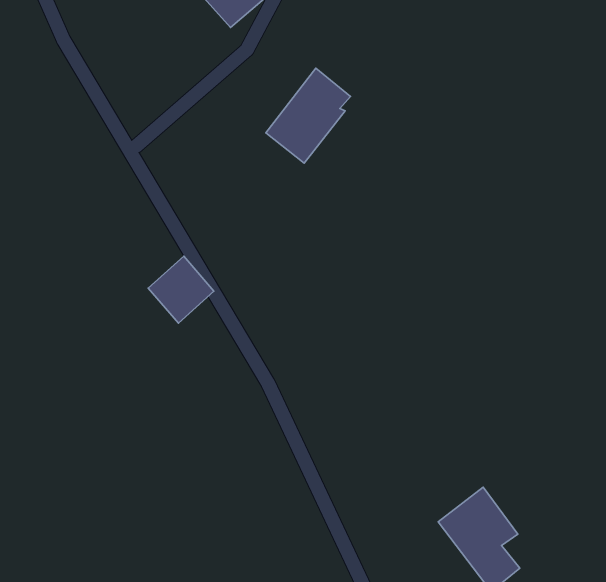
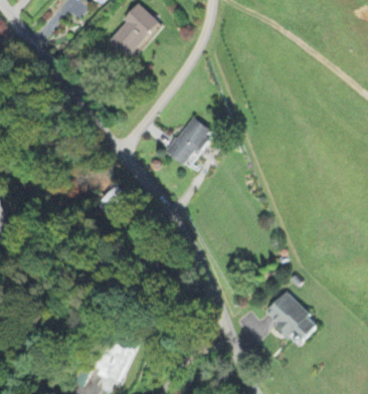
building: [266,68,351,163] -> [168,116,211,167]

